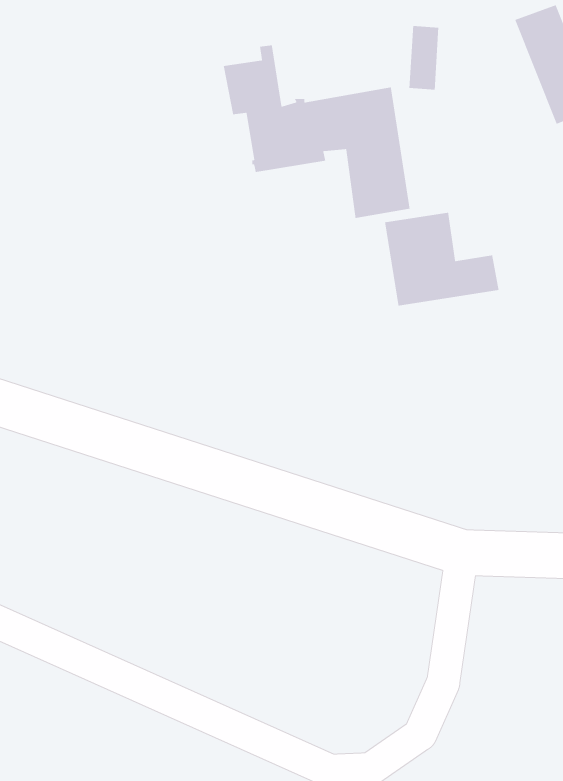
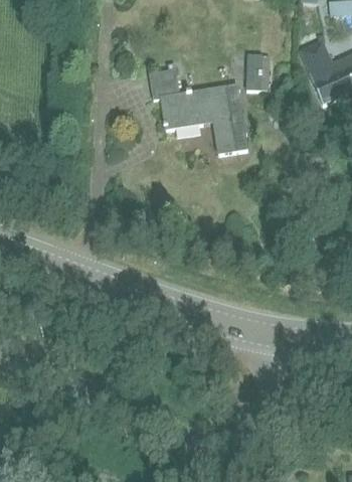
building: [384,212,500,306] -> none

